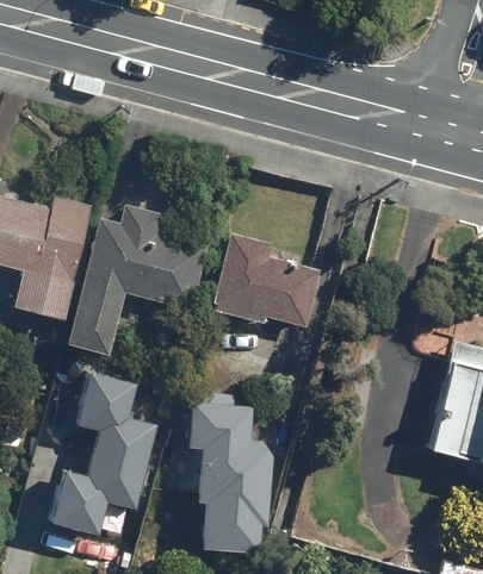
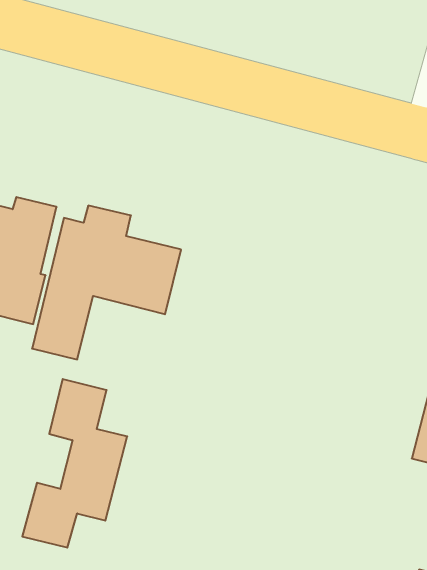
building: [208,232,320,326] -> none
building: [192,395,273,551] -> none

